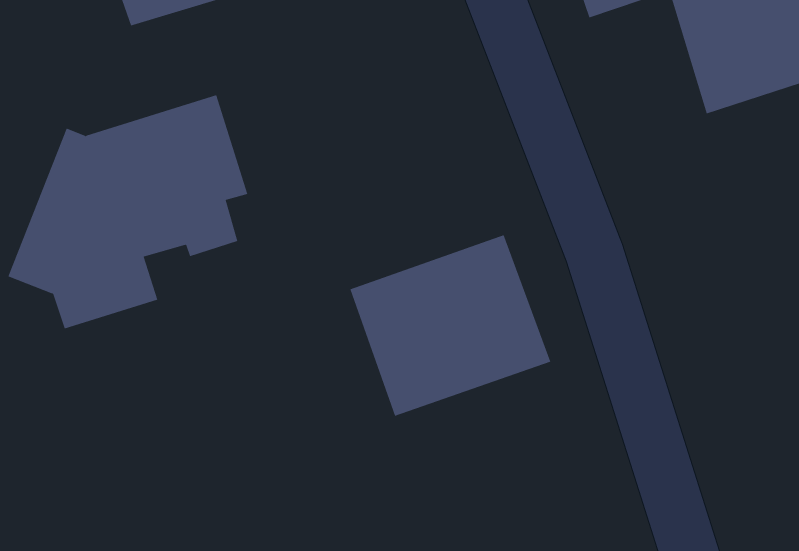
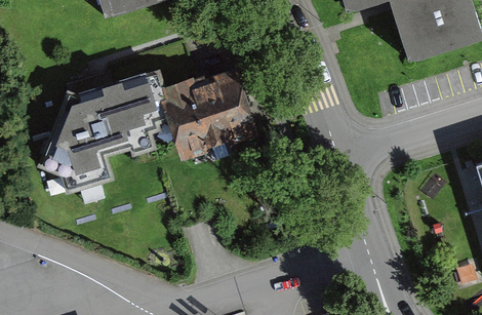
building: [350,235,551,416] -> [166,53,272,149]

